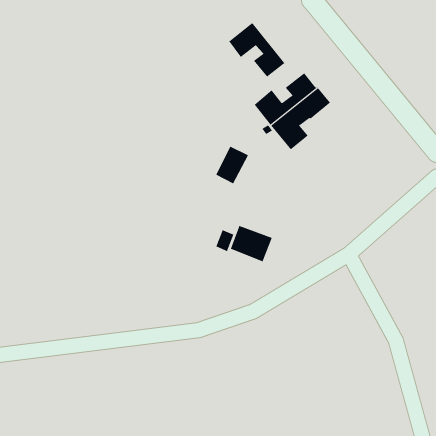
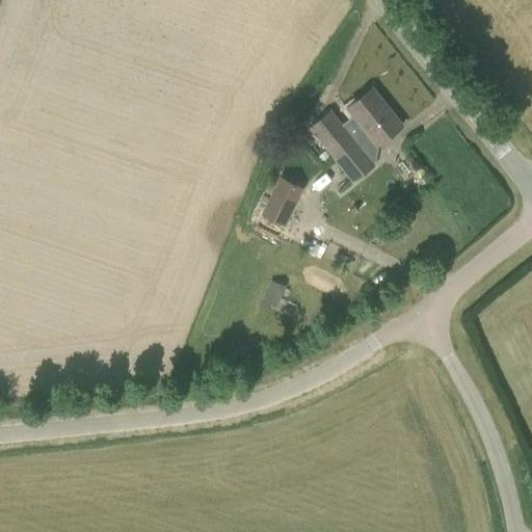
building: [229,22,286,78] -> none
building: [230,225,273,262] -> none

